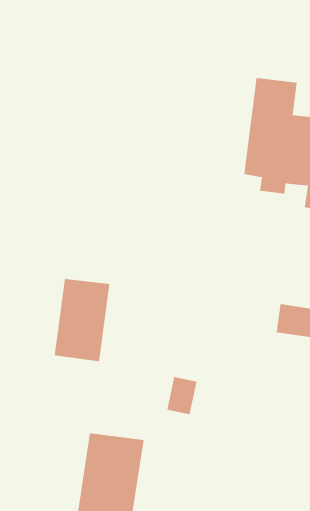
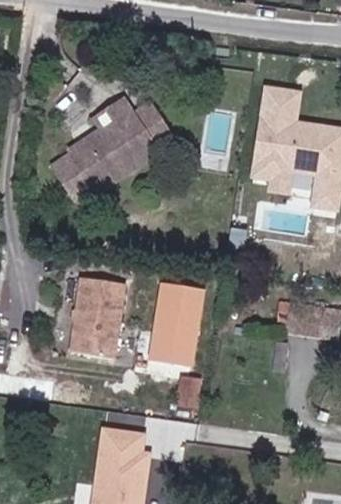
building: none -> [56,101,173,202]
building: none -> [148,282,204,368]

